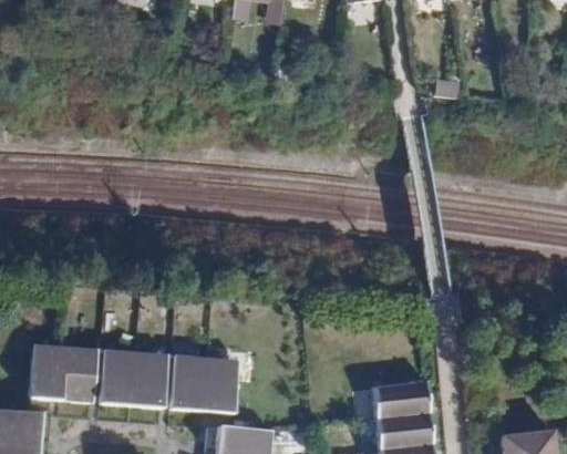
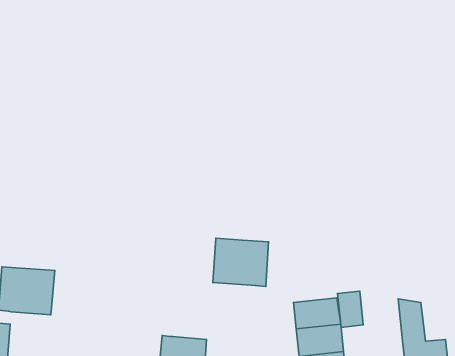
building: [96,350,163,406] -> none
building: [167,355,233,412] -> [213,238,269,286]
building: none -> [337,291,363,327]

